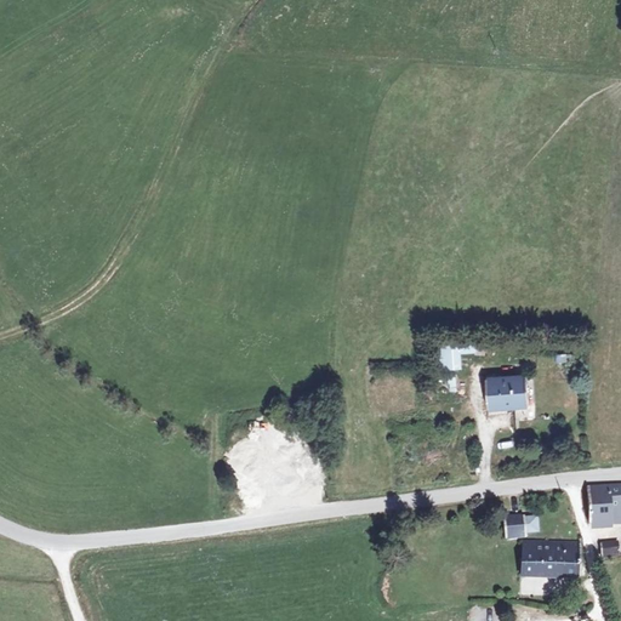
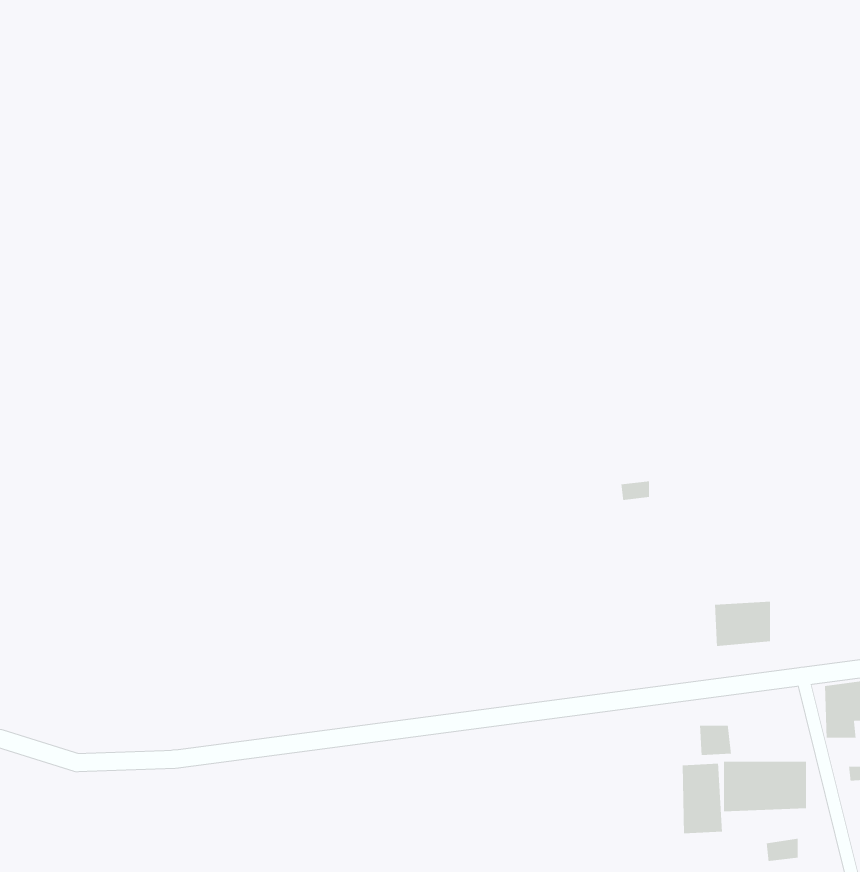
building: [483,380,523,412] -> [714,601,771,647]
building: none -> [682,763,723,834]

